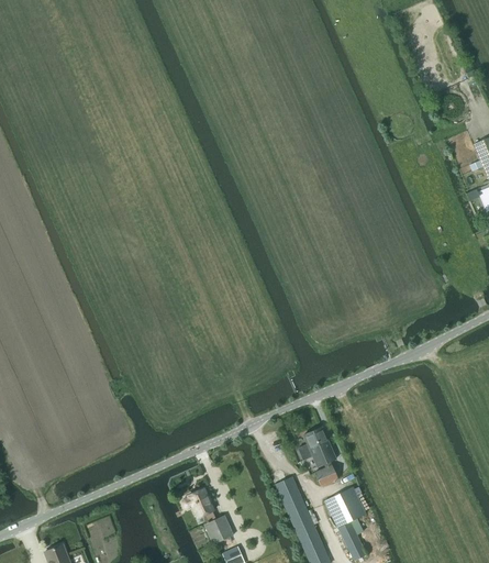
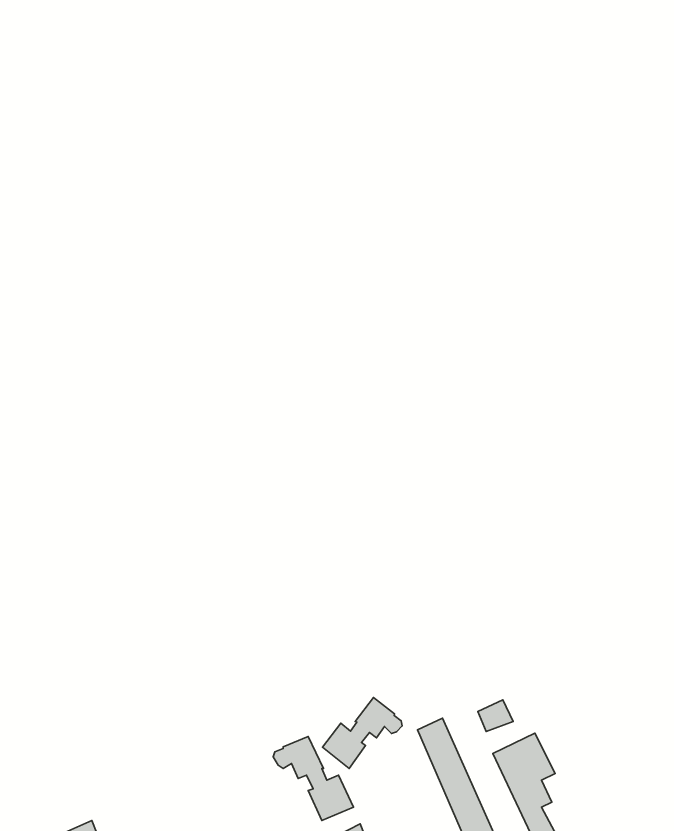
building: [298,427,336,466] -> none
building: none -> [323,697,402,769]

